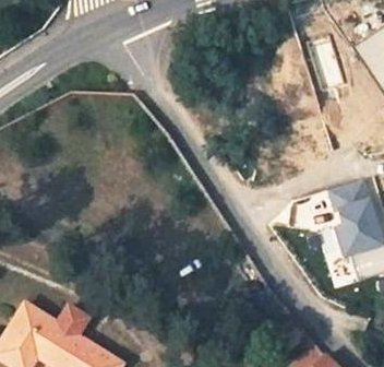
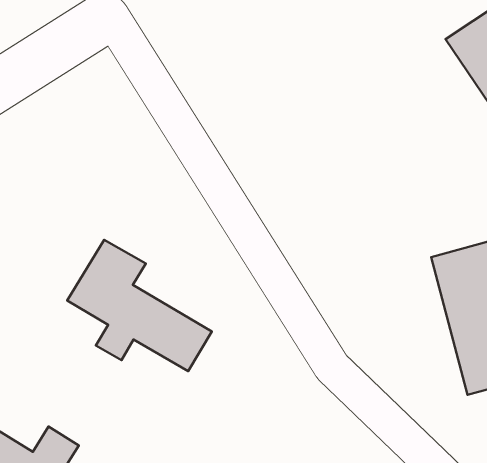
building: none -> [67,240,212,371]

